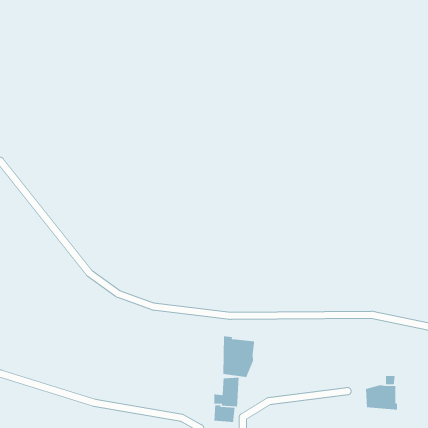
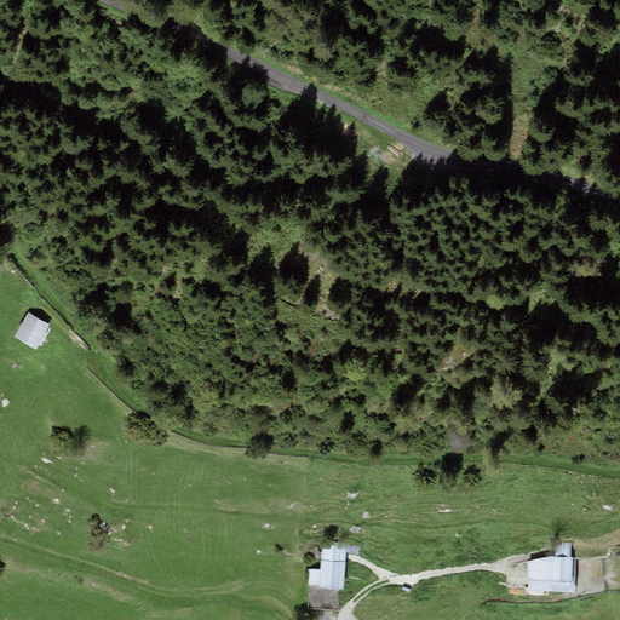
building: none -> [13,311,51,350]
building: [222,336,255,378] -> none

